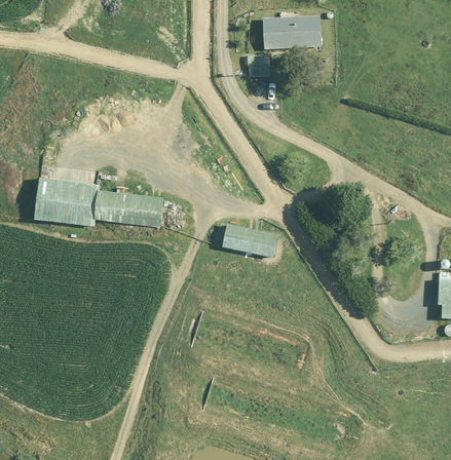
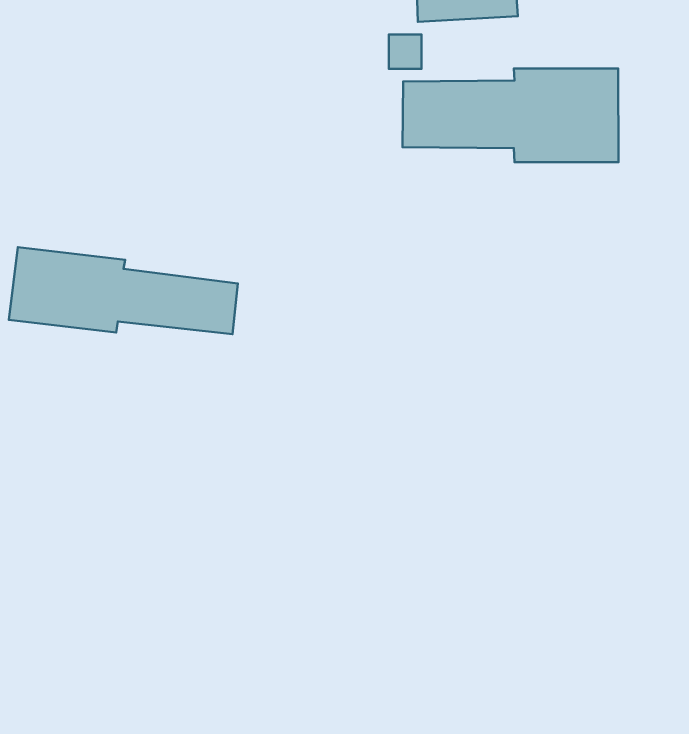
building: none -> [403,69,619,162]
building: [223,224,278,257] -> none

